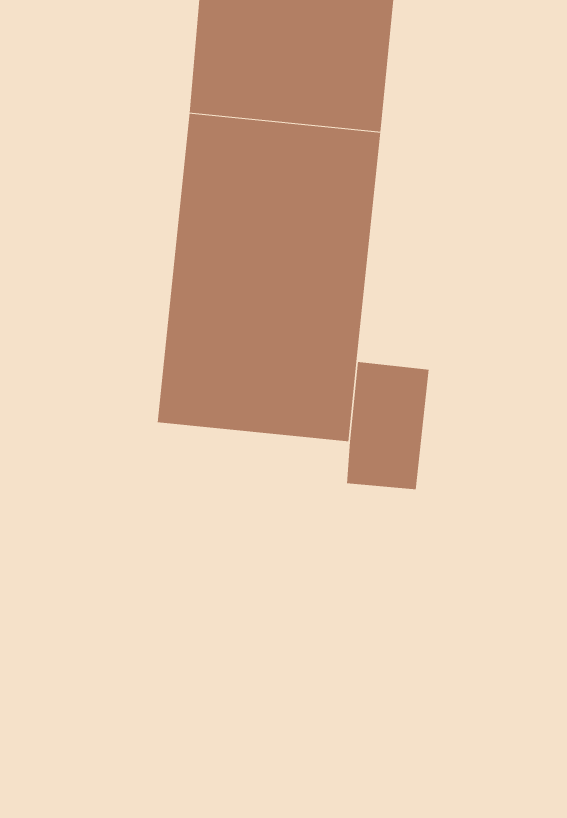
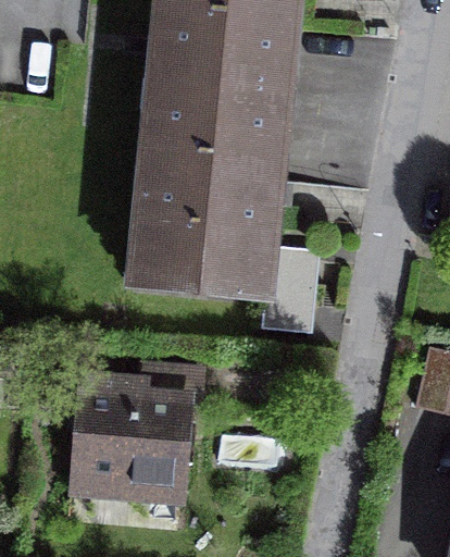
building: none -> [77,368,202,487]

